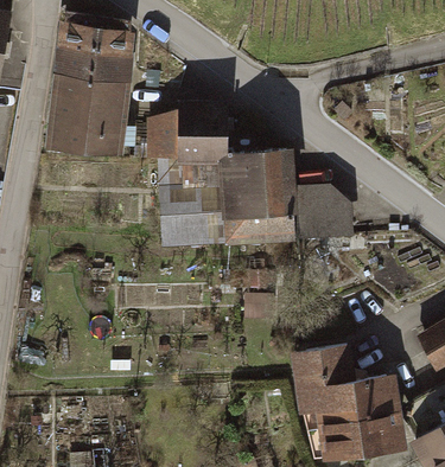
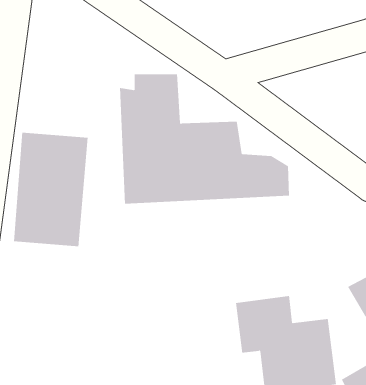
building: [49,26,134,155] -> [13,132,89,247]

